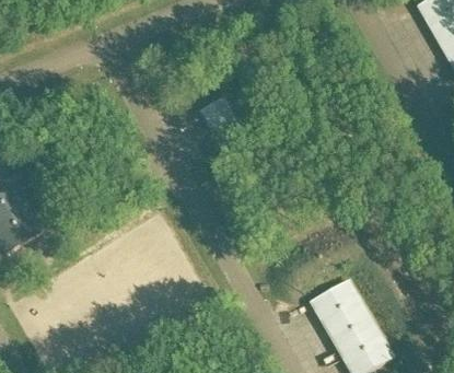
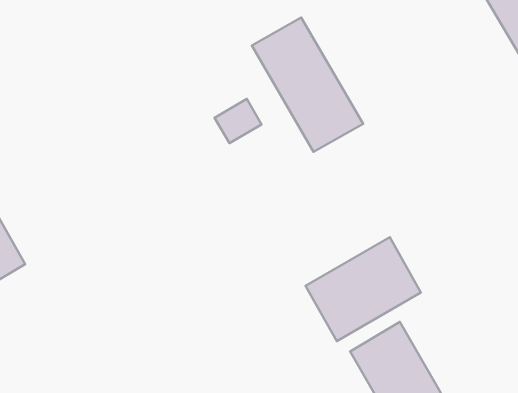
building: none -> [252,18,363,152]
building: none -> [306,237,421,341]

